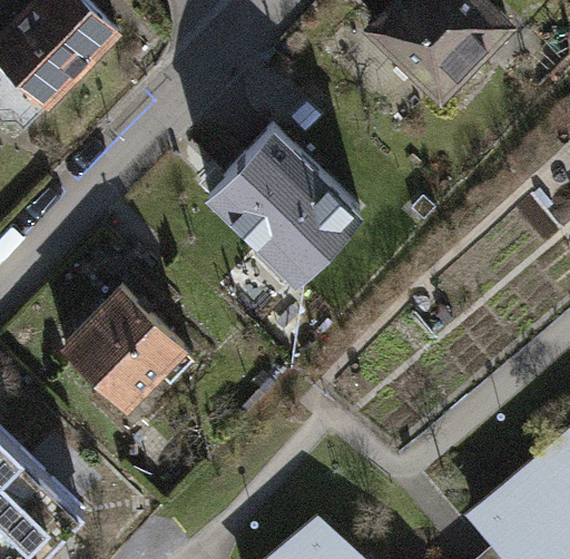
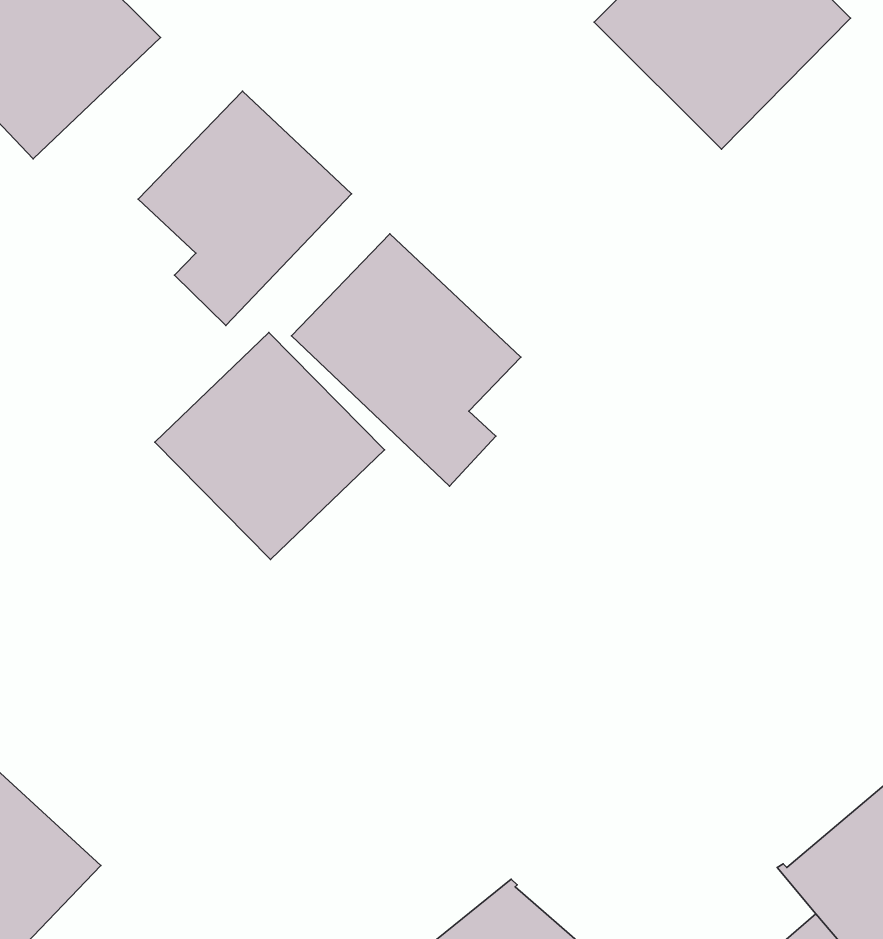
building: none -> [138,91,351,325]
building: [53,281,186,412] -> [155,332,384,560]

